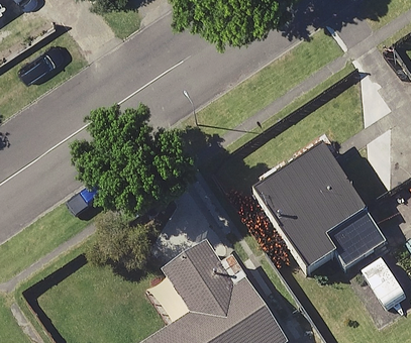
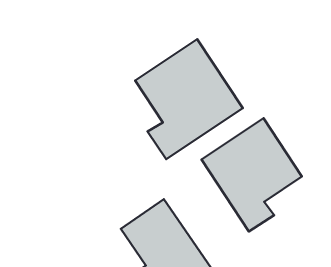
building: none -> [135,39,243,159]

